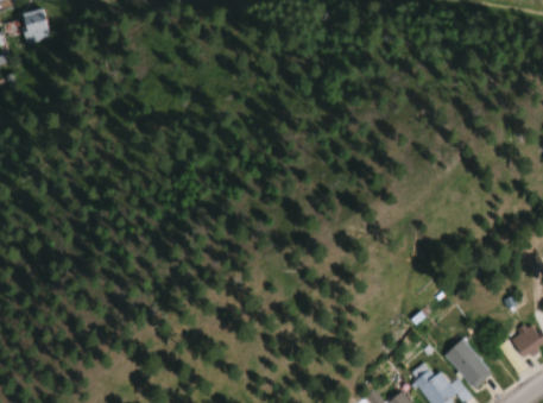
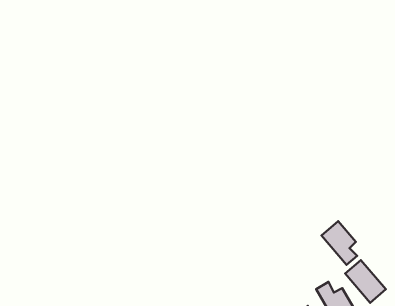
building: none -> [321,221,357,265]

